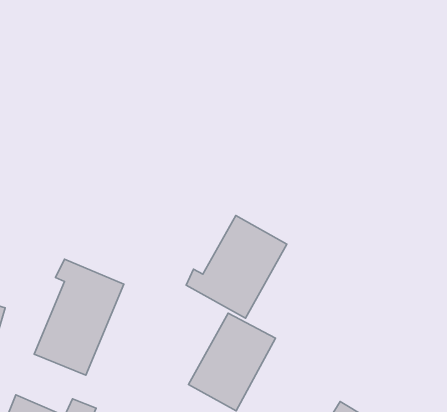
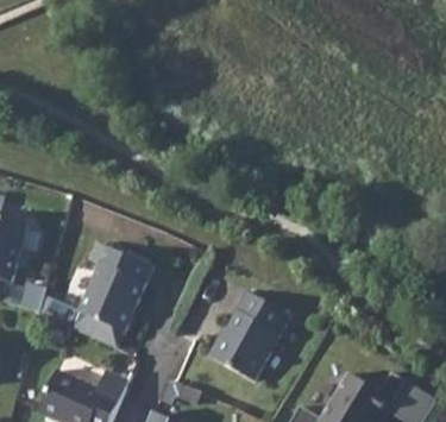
building: [186,215,287,318] -> none

